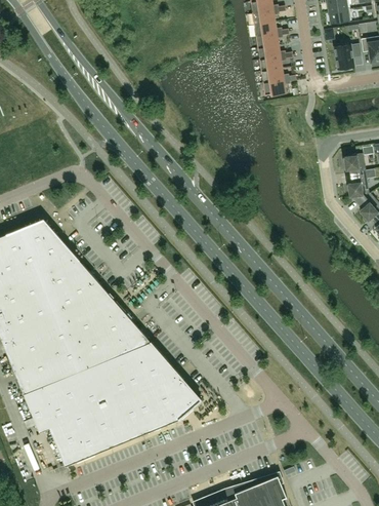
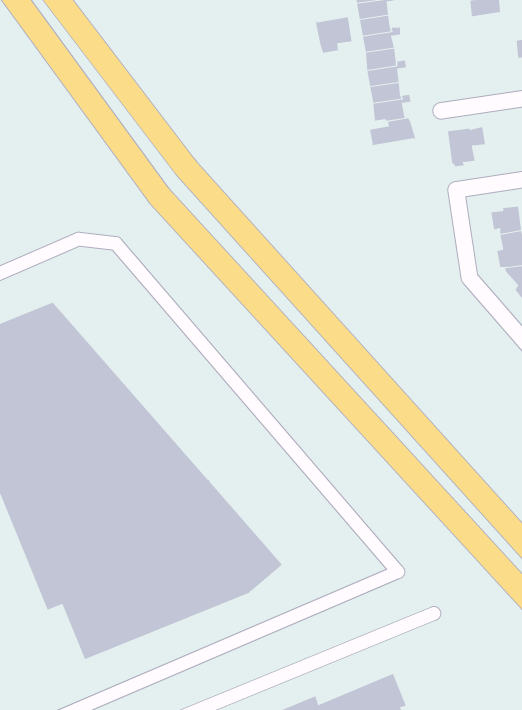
building: none -> [315,17,352,53]
building: [334,44,361,72] -> [447,127,486,167]
building: none -> [370,118,416,146]

